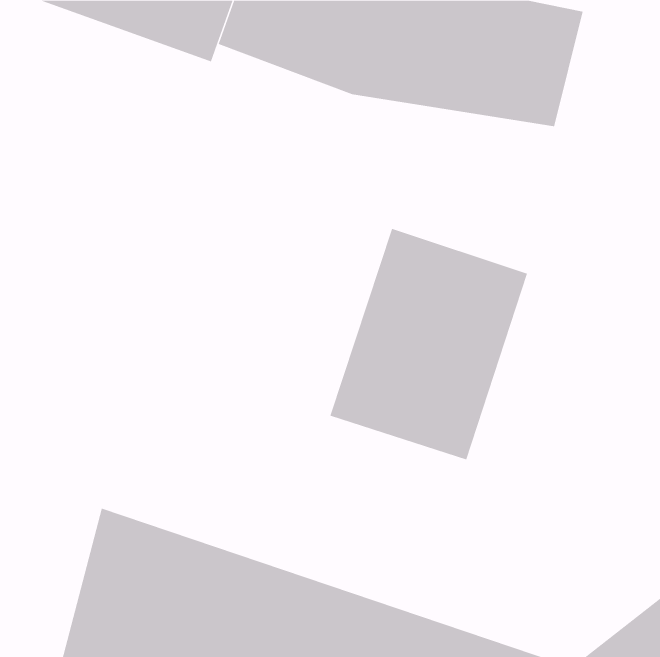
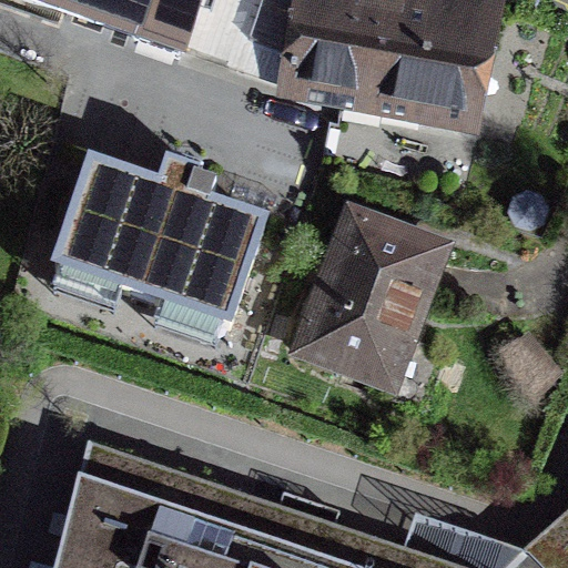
building: none -> [37,154,268,325]

